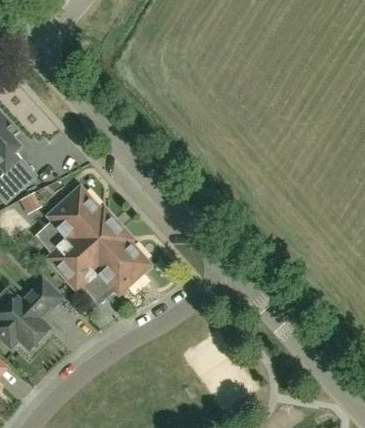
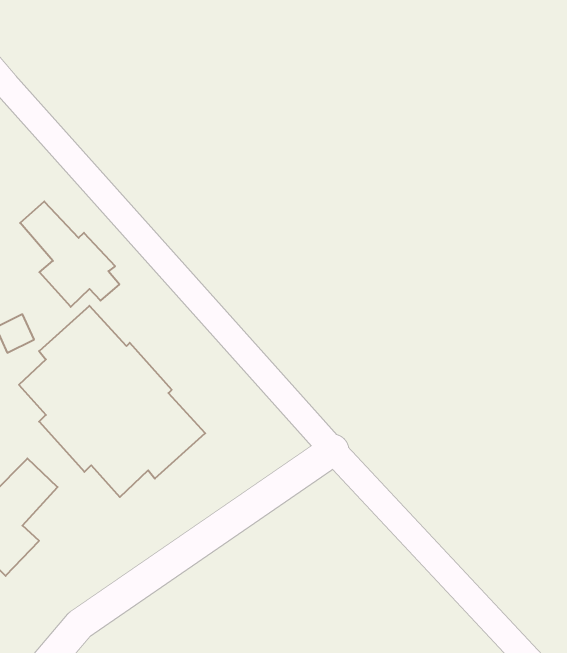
building: none -> [20,201,119,307]

